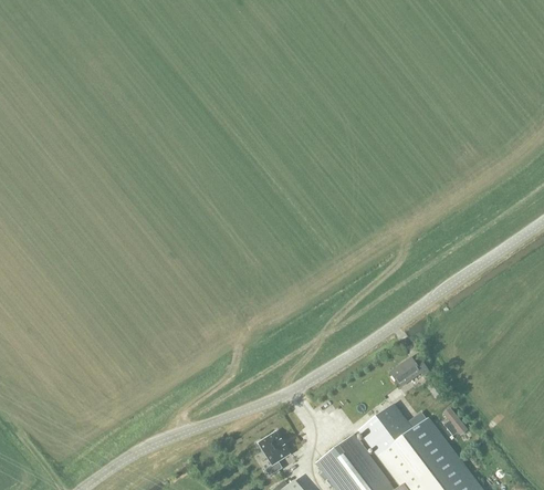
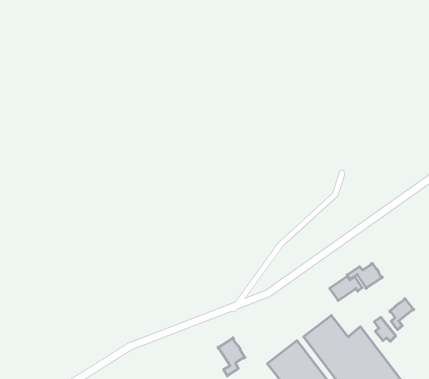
building: none -> [347,263,382,288]
building: none -> [390,299,414,330]

